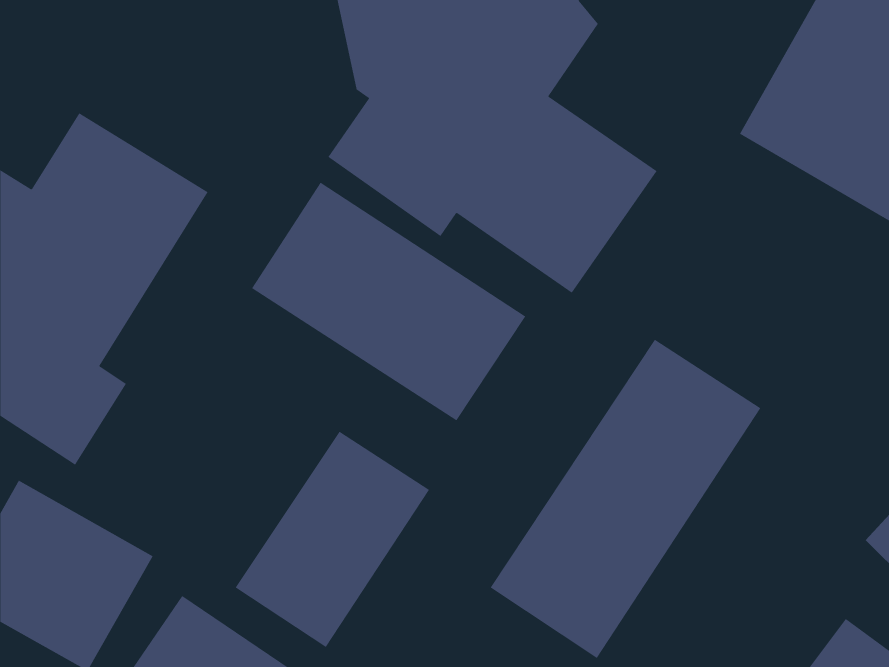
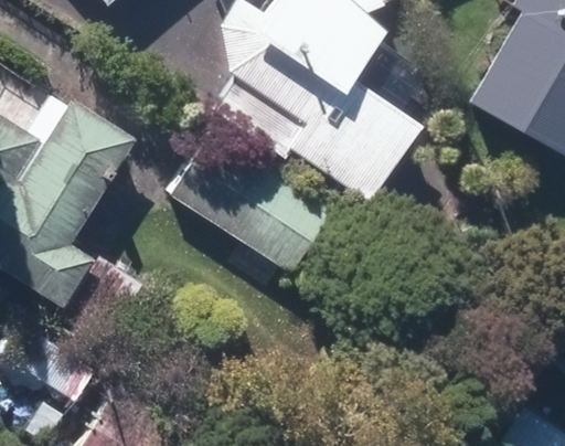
building: [490,339,761,659] -> none
building: [235,431,430,648] -> none

